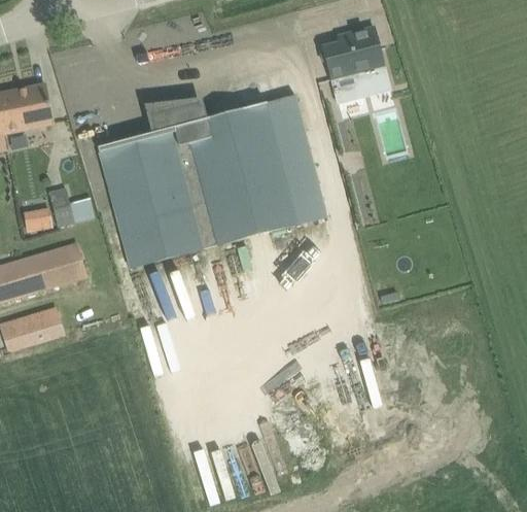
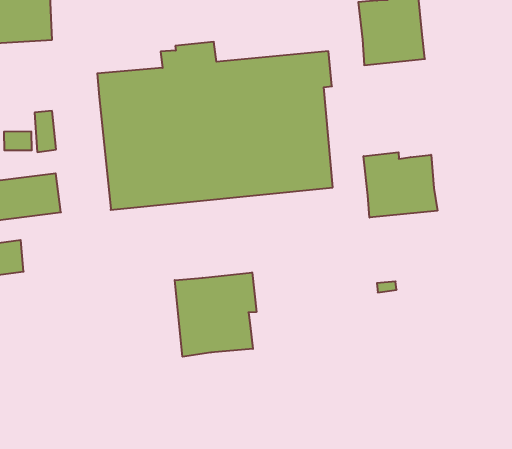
building: none -> [364,152,437,218]
building: none -> [175,272,256,357]

